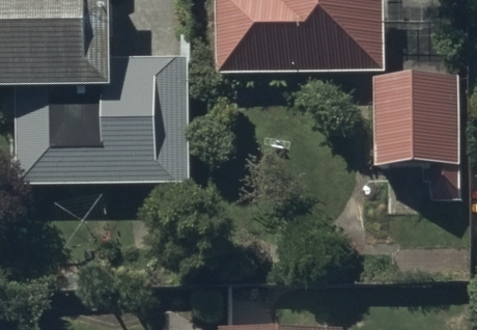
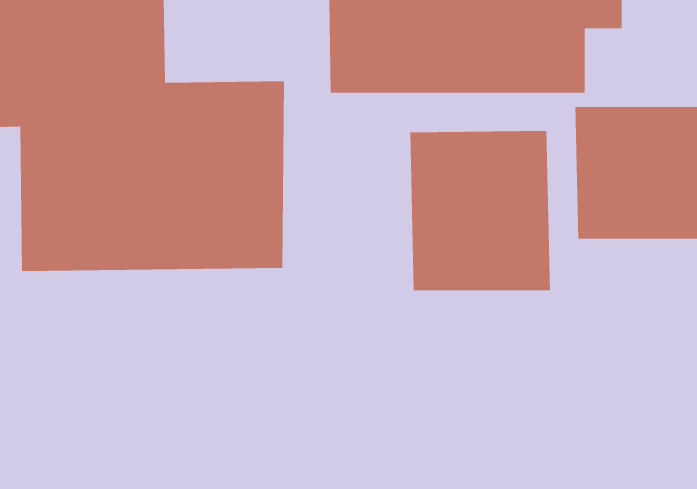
building: none -> [409,130,551,291]

